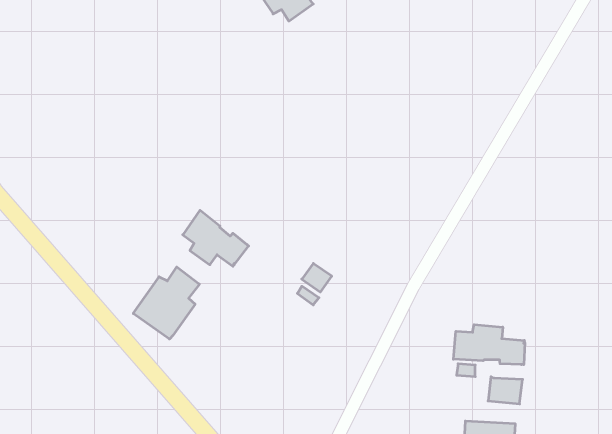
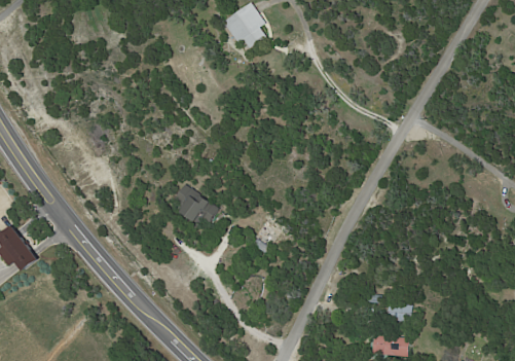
building: [133,267,199,339] -> none
building: [453,325,525,365] -> none

